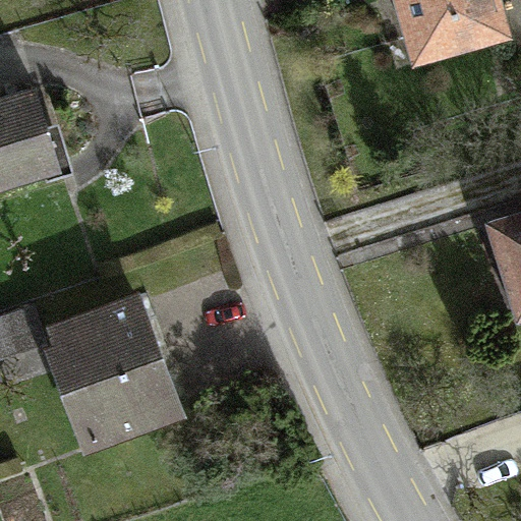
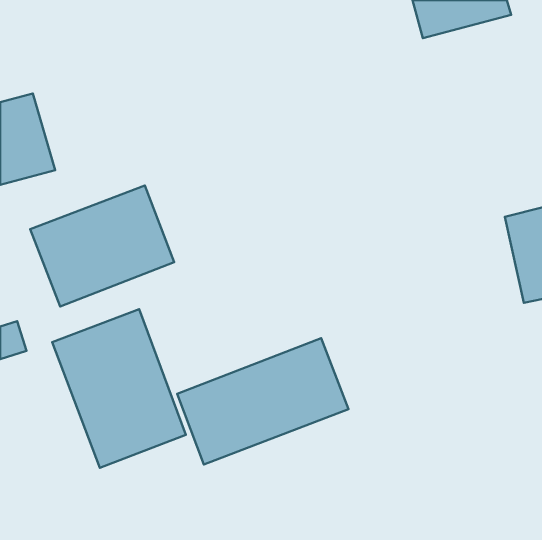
building: none -> [30,185,174,306]
building: none -> [177,338,349,464]

